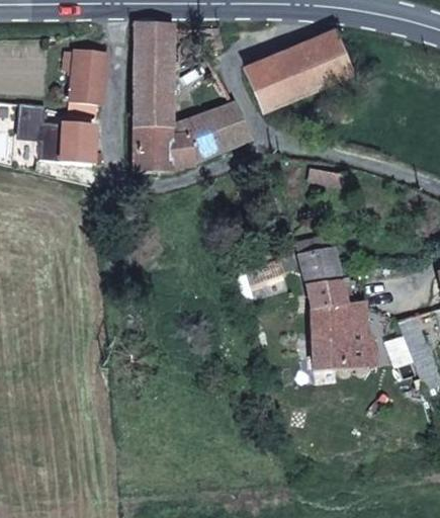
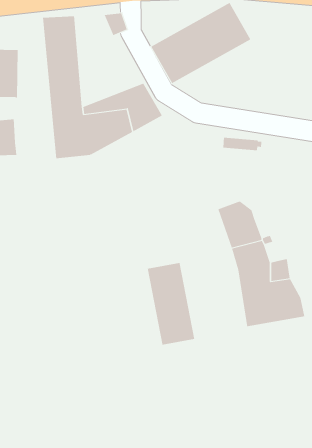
building: none -> [147,262,195,345]

